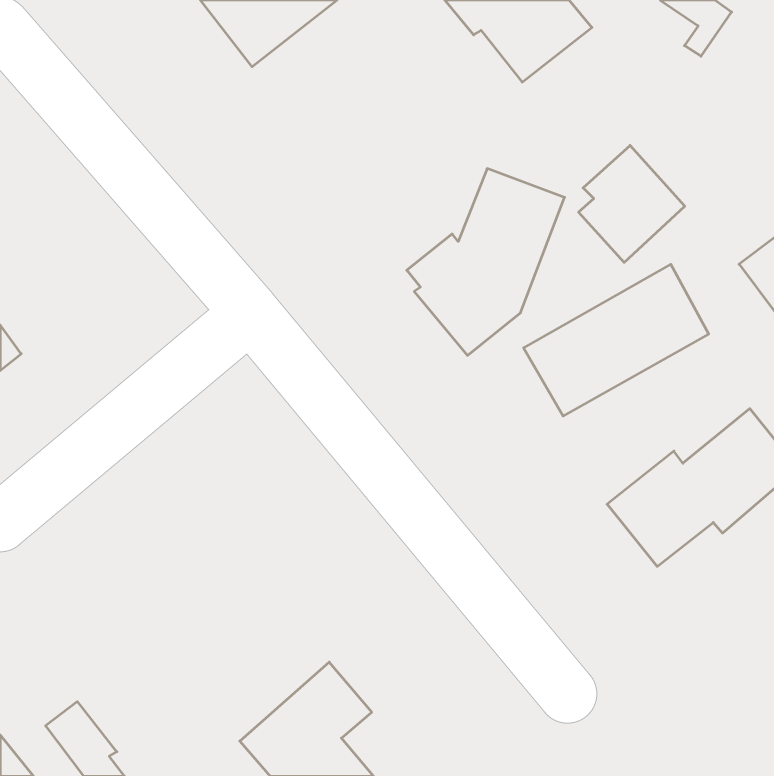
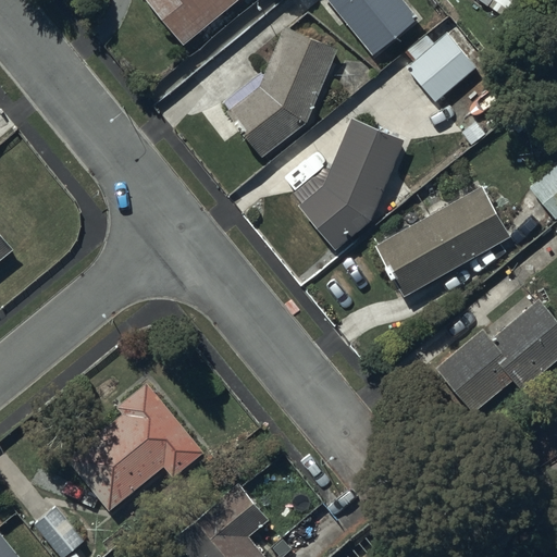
building: none -> [223,27,338,161]
building: [579,145,685,262] -> [404,21,480,104]
building: none -> [67,375,203,504]

